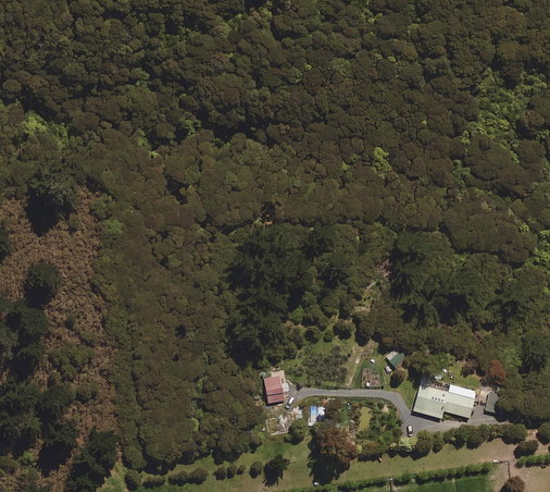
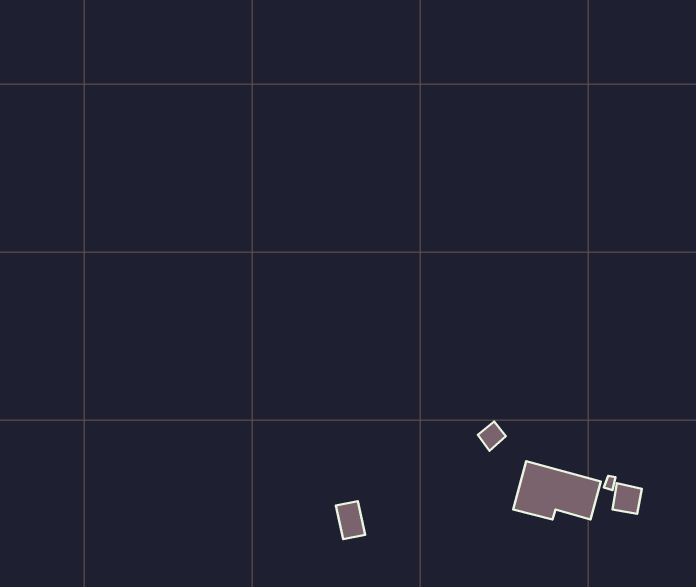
building: [263,376,285,404] -> [336,501,365,539]

